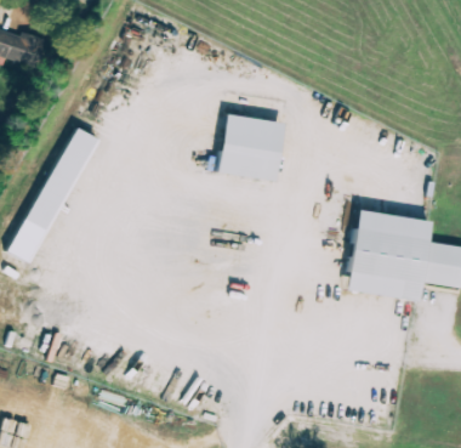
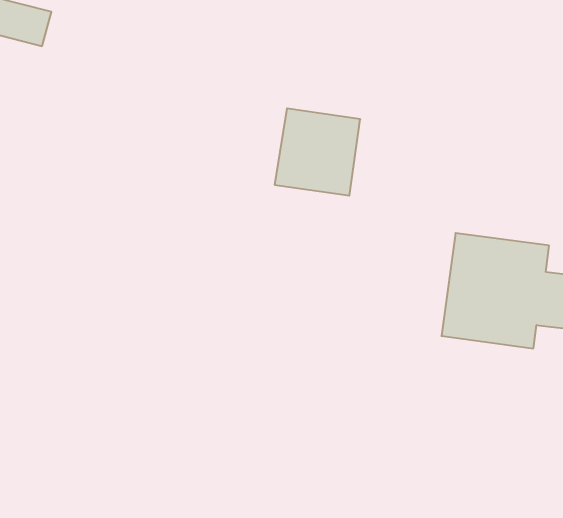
building: [11,125,95,263] -> none

